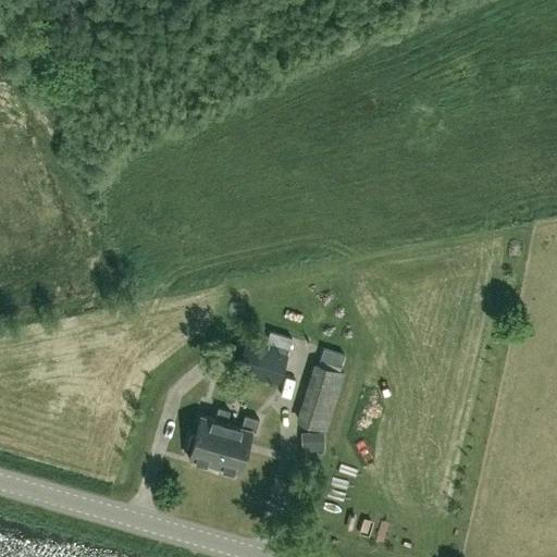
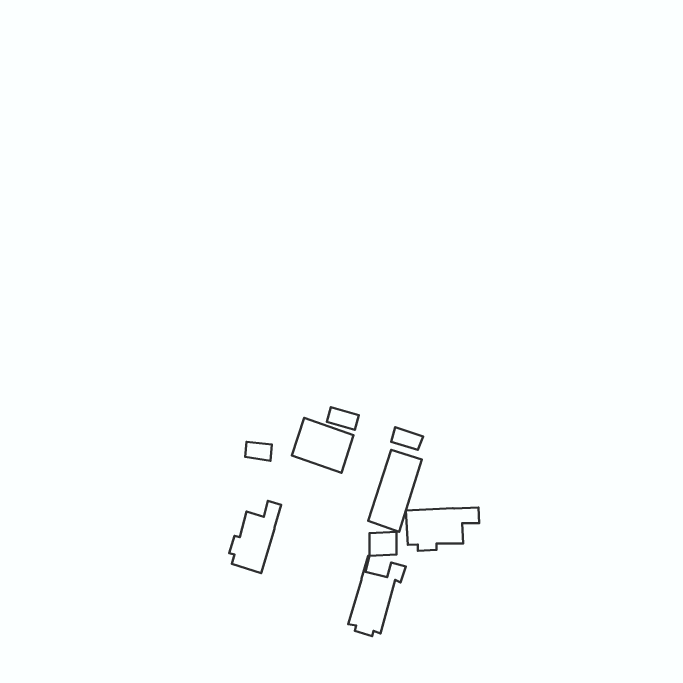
building: [213,411,260,476] -> [348,556,406,636]
building: none -> [406,507,479,551]

